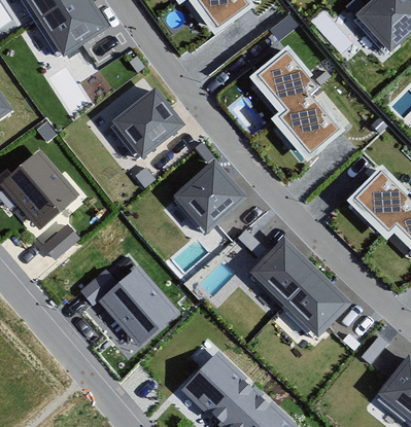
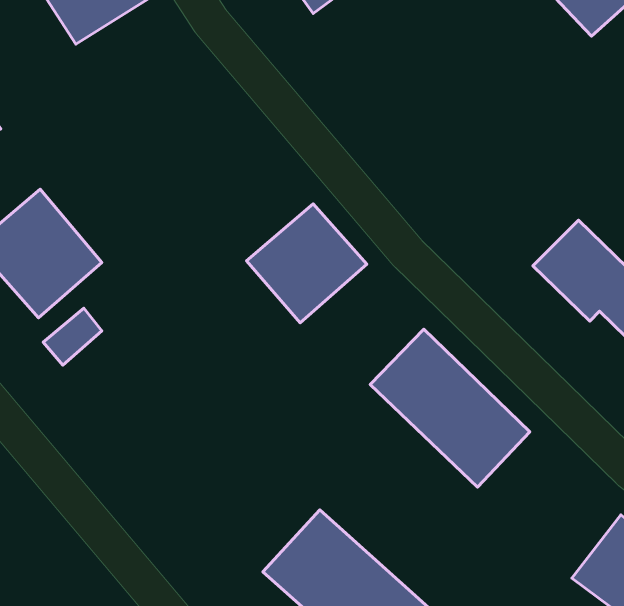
building: [255,47,340,157] -> none
building: [109,87,182,159] -> none
building: [94,261,180,348] -> none

